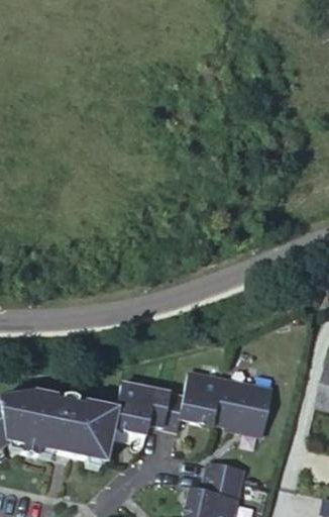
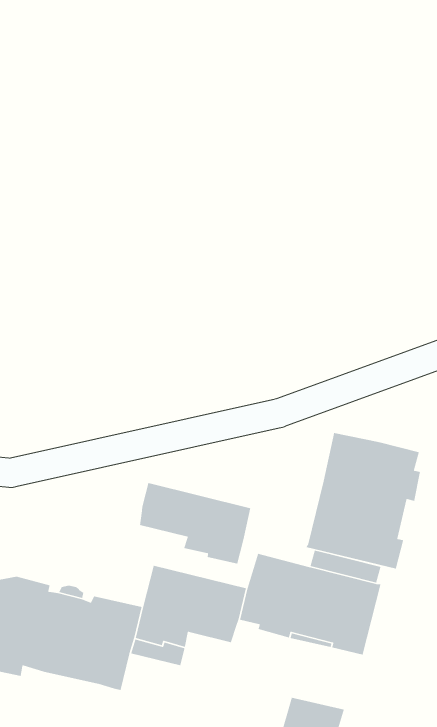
building: none -> [305,432,421,569]
building: none -> [139,482,251,565]

